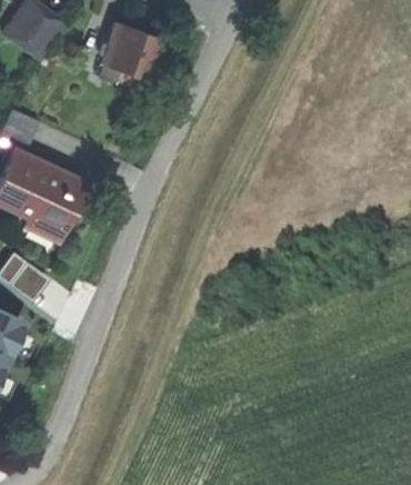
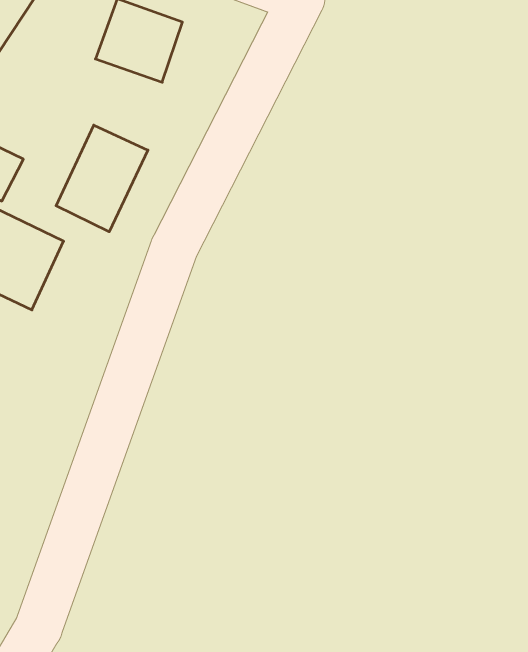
building: none -> [56,125,148,232]

